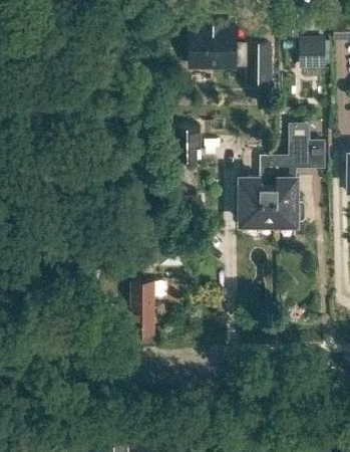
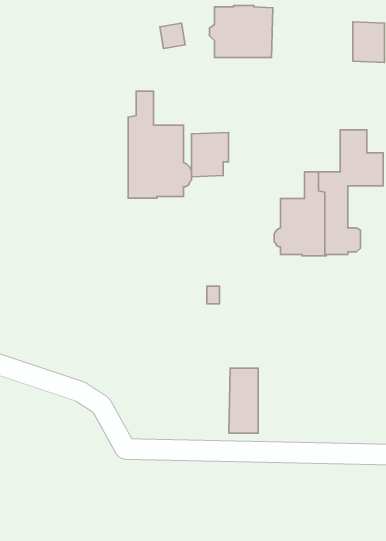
building: [249,44,269,84] -> none
building: none -> [128,91,192,198]
building: [131,282,154,333] -> [229,368,258,433]

